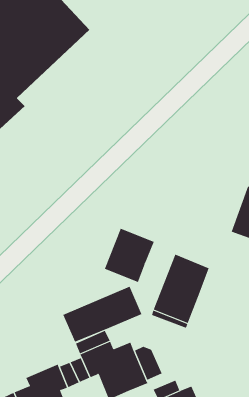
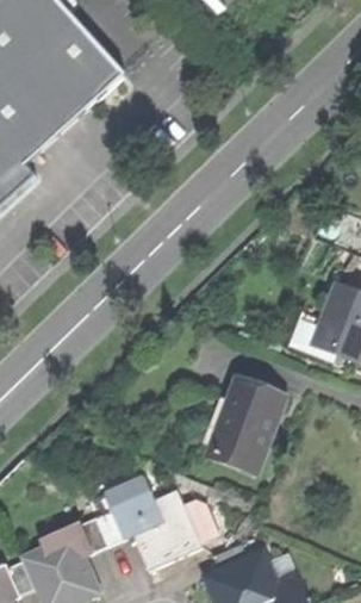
building: [104,228,154,283] -> none
building: [63,286,142,343] -> none

